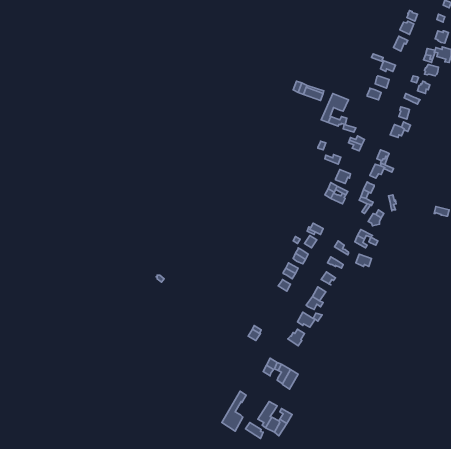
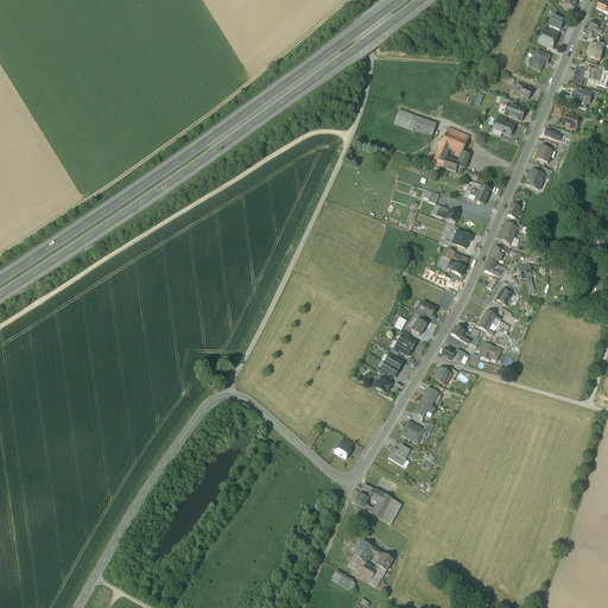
building: [222,391,246,431] -> none

